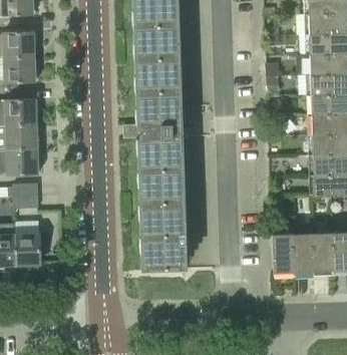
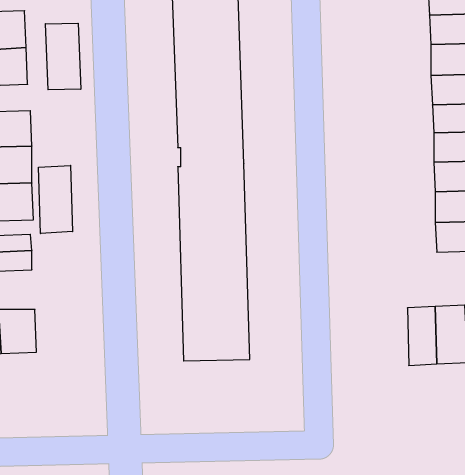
building: none -> [45,23,81,90]
building: none -> [39,165,73,234]
building: [272,234,295,274] -> none

